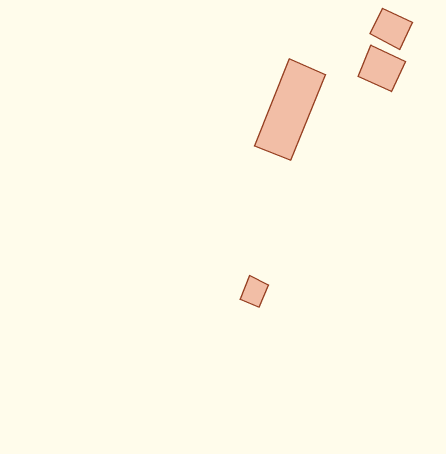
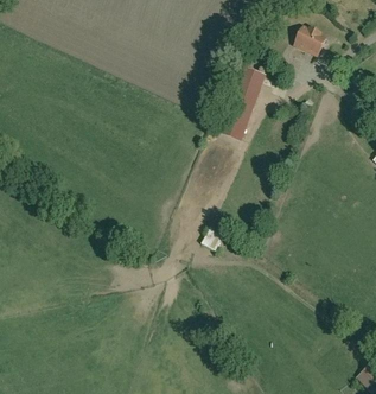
building: [358,45,406,92] -> none

